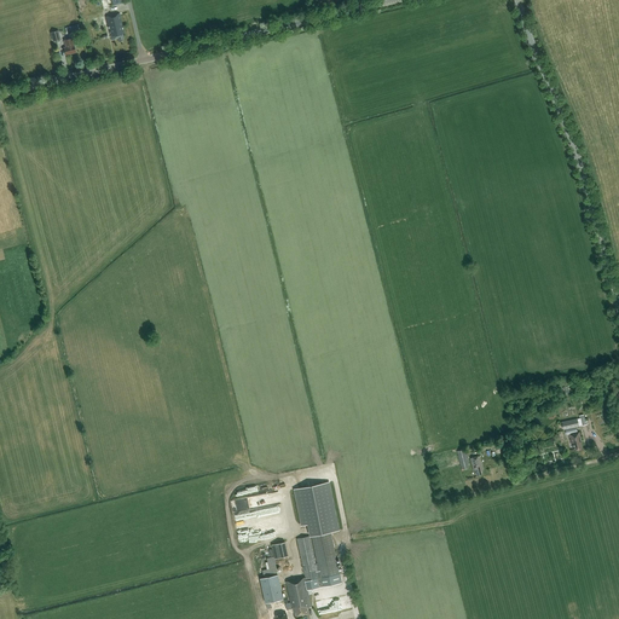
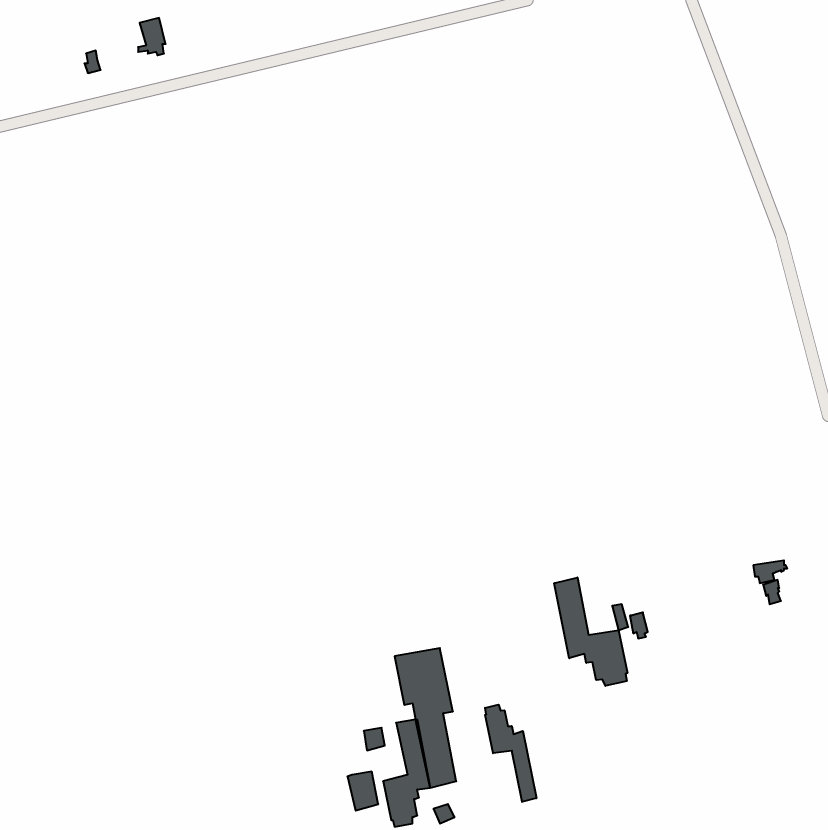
building: none -> [554,577,627,686]
building: none -> [485,705,536,802]

